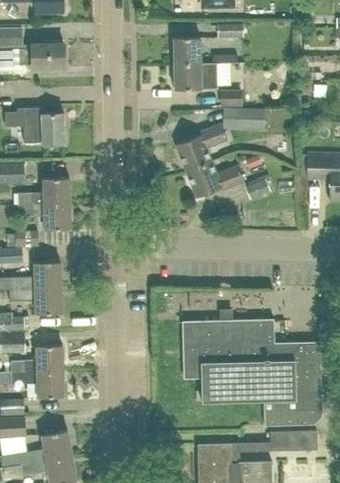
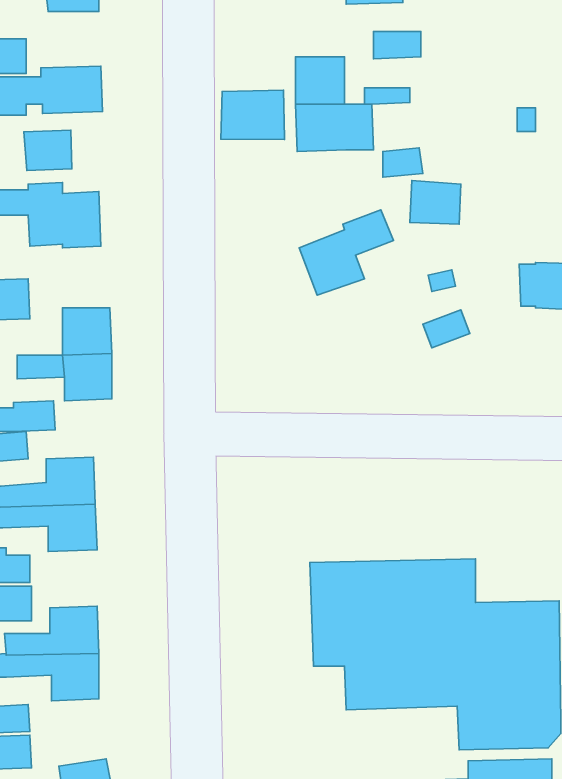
building: none -> [221,90,285,140]
building: none -> [24,130,72,171]
building: [185,162,244,198] -> none

